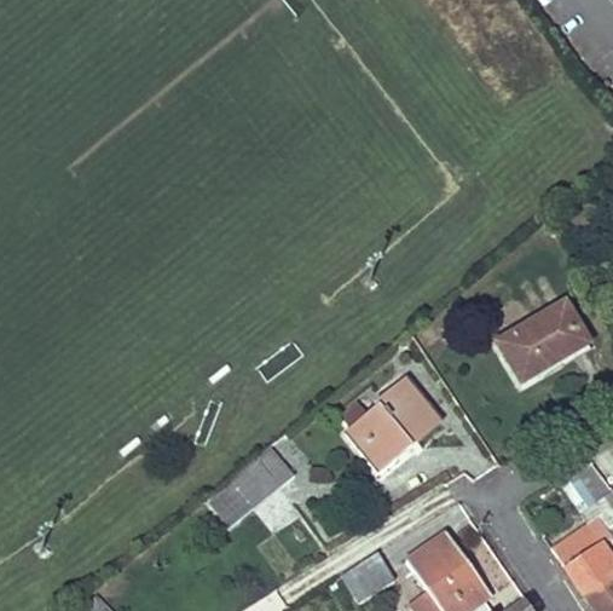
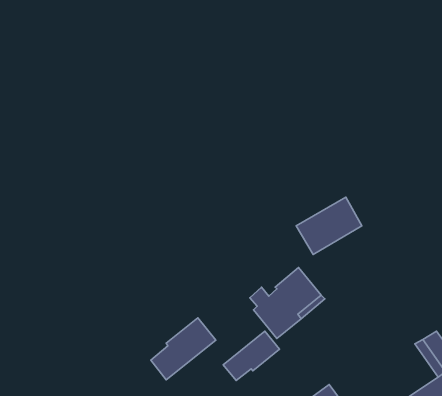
building: [498,304,586,381] -> [296,197,362,255]
building: none -> [223,331,279,380]

